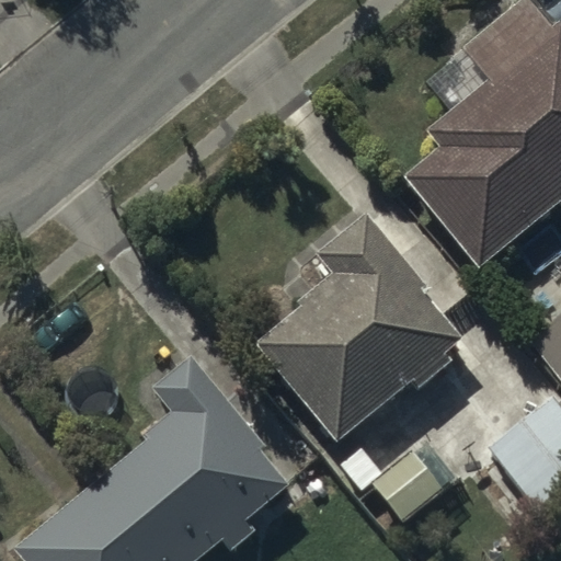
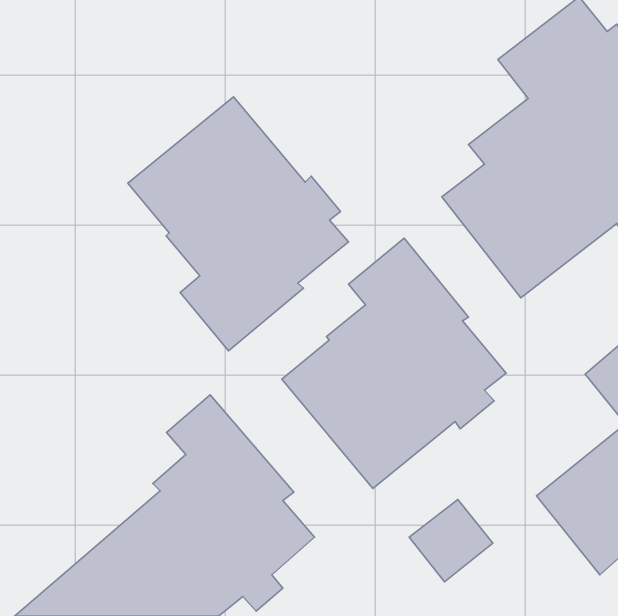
building: none -> [128,97,349,351]

